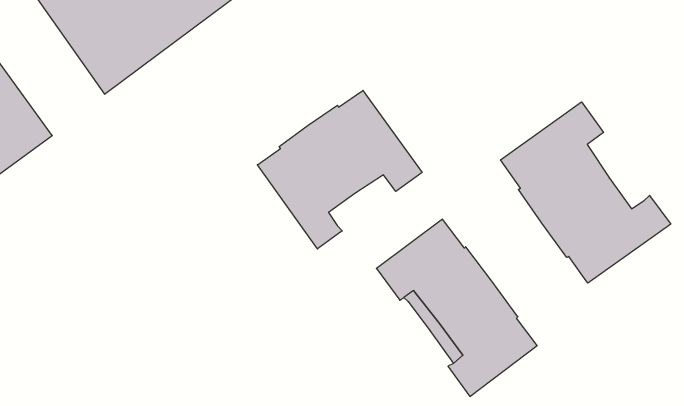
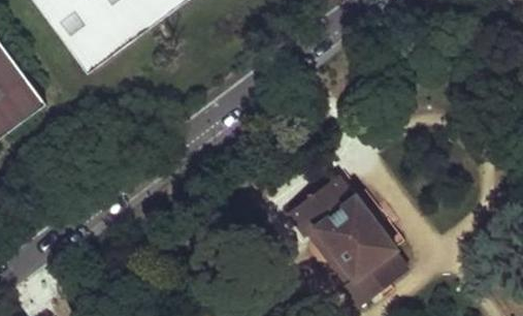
building: [257,90,422,249] -> none
building: [501,102,671,283] -> none

